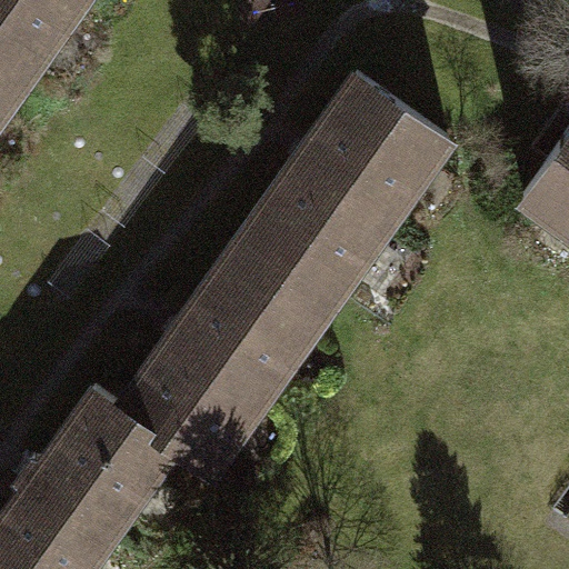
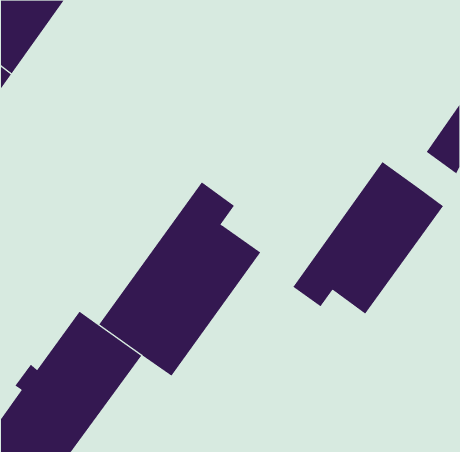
building: [249,78,450,321] -> none
building: none -> [293,161,444,315]

